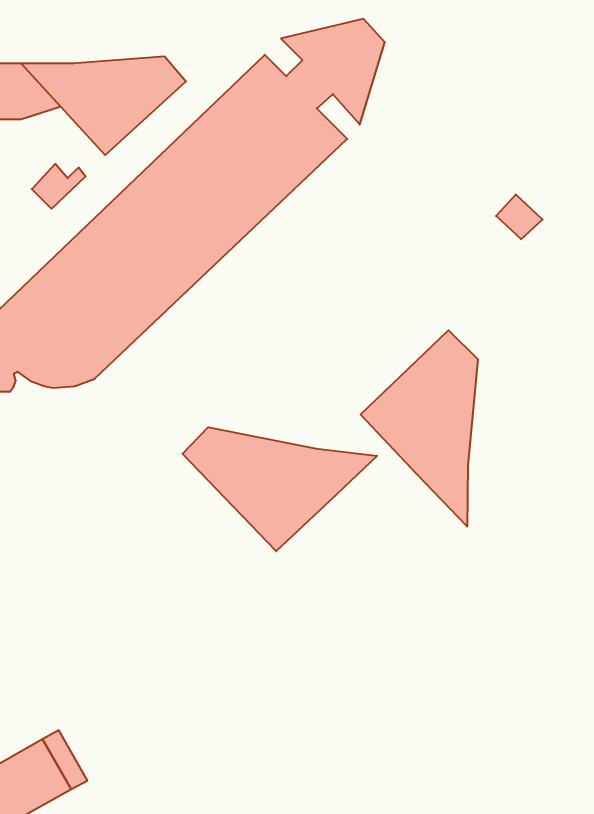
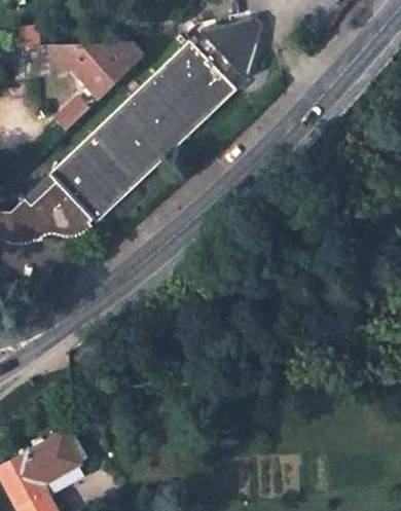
building: [361,330,478,527] -> none
building: [182,427,377,551] -> none

